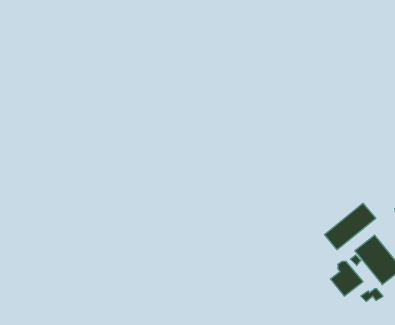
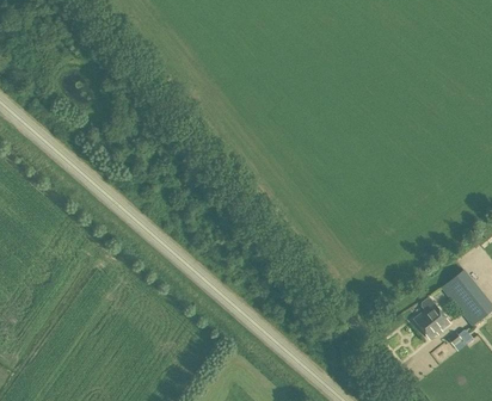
building: [324,203,376,250] -> none

